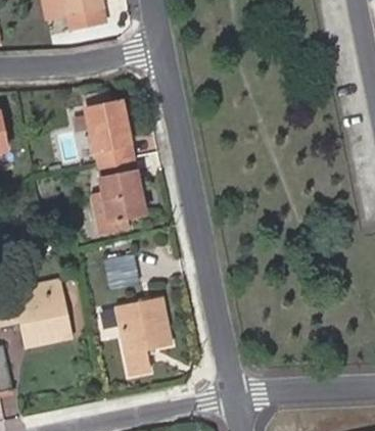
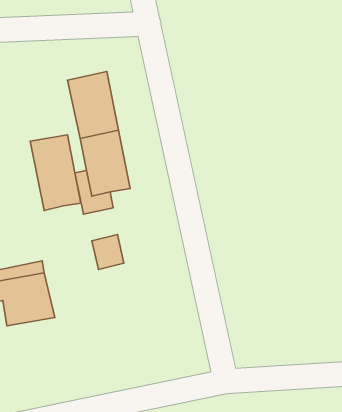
building: none -> [30,135,81,211]
building: [118,300,171,373] -> none

